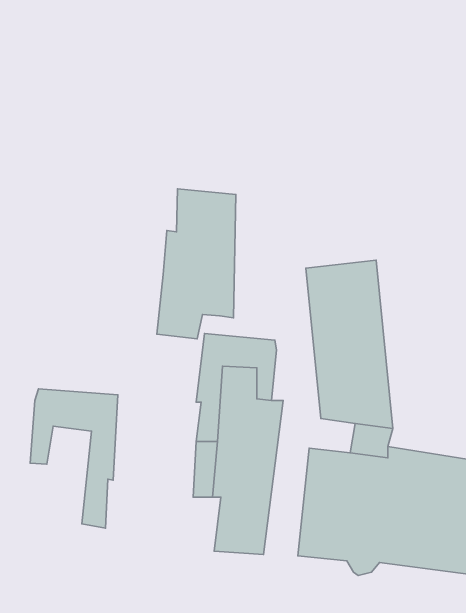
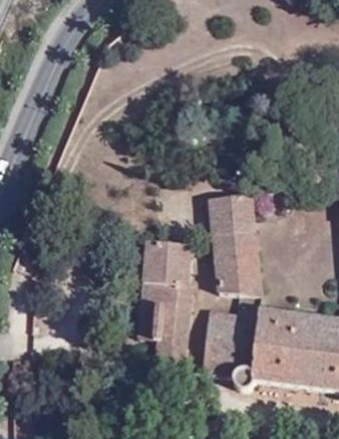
building: [157,189,236,339] -> none
building: [30,389,118,528] -> none

